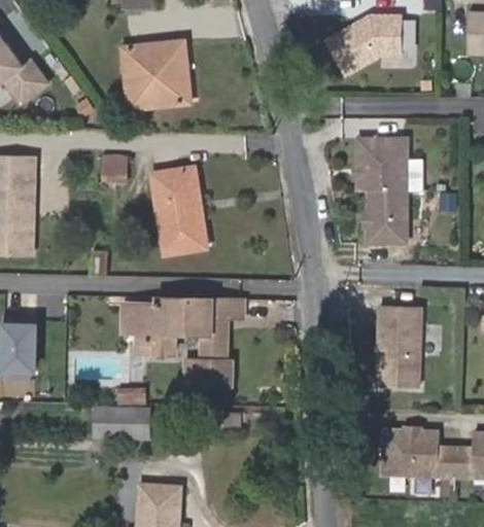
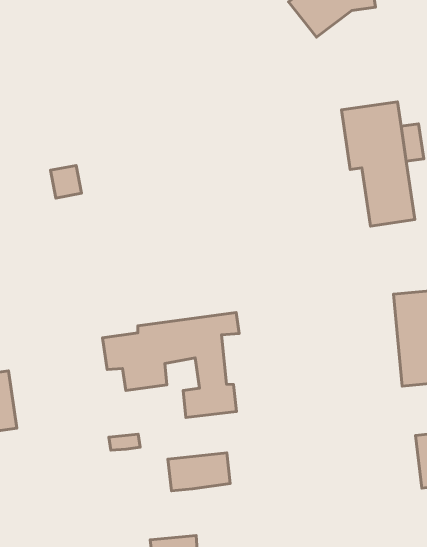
building: [122,40,188,109] -> none
building: [151,167,206,254] -> none
building: [95,408,147,436] -> [168,453,230,491]

